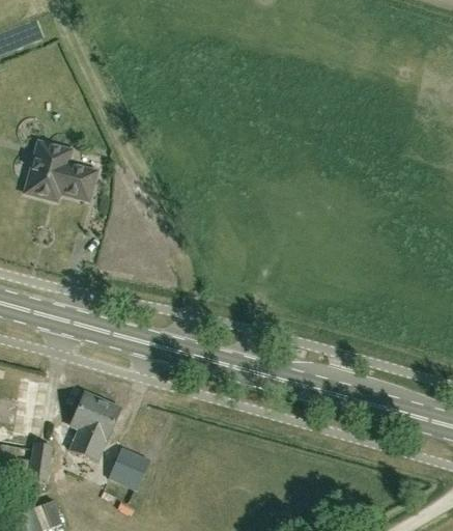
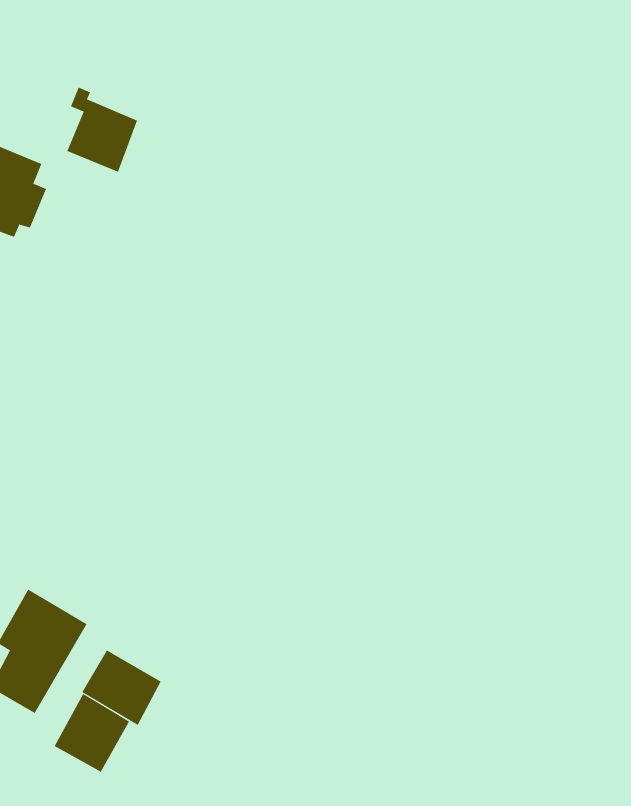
building: [60,157,98,201] -> [67,87,138,173]
building: none -> [82,650,162,726]

